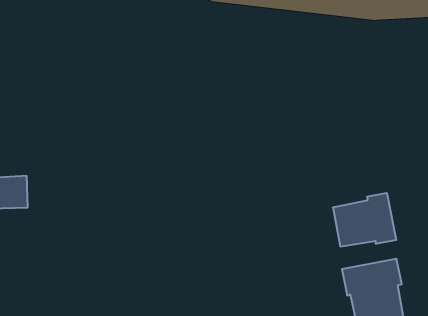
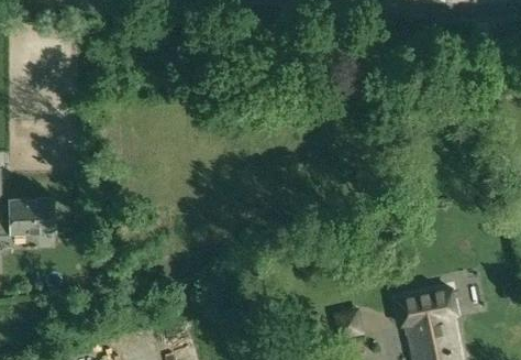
building: [333,193,396,247] -> none

